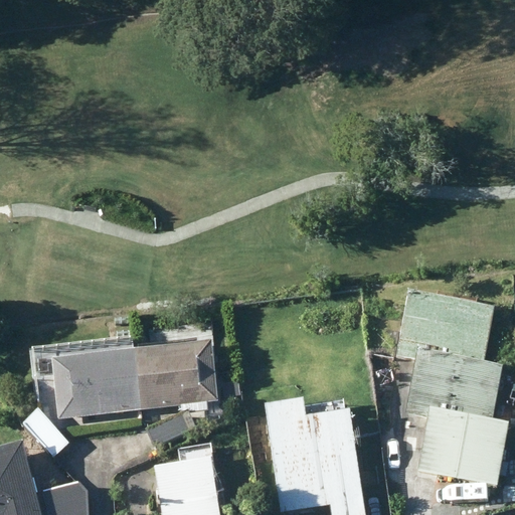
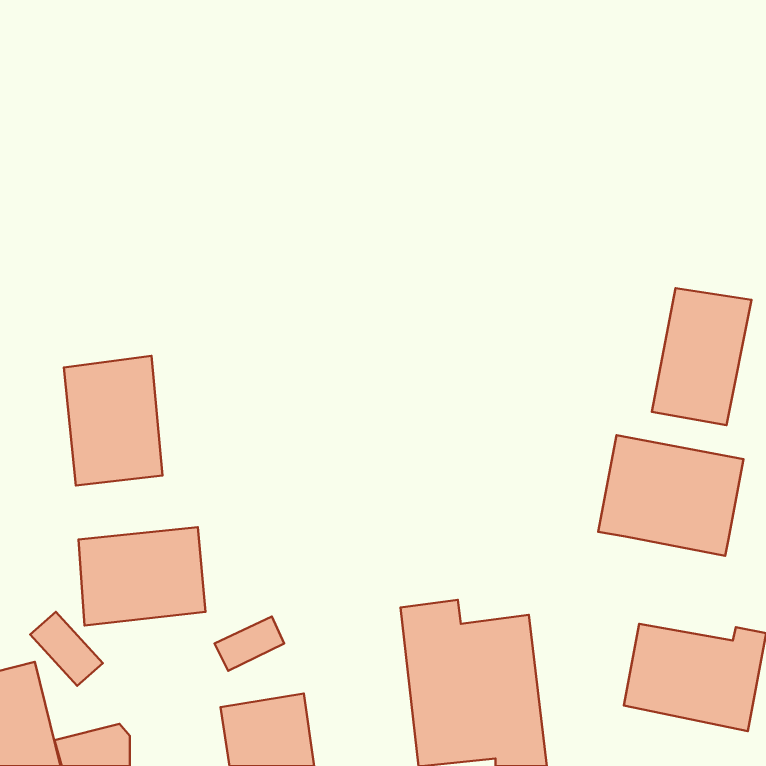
building: none -> [652,288,751,425]
building: none -> [64,356,162,485]
building: [132,342,217,407] -> none
building: [406,357,500,426] -> none

